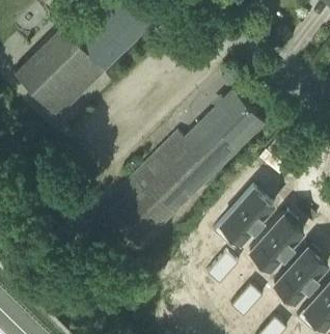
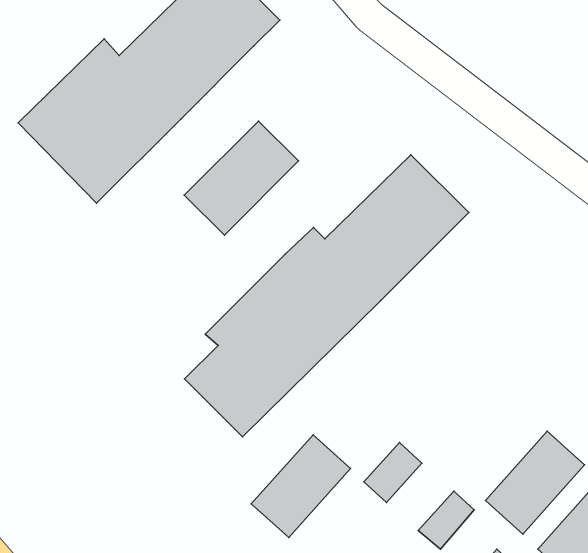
building: none -> [184,121,299,235]
building: [218,187,273,244] -> [251,435,350,538]
building: [248,214,303,271] -> none

